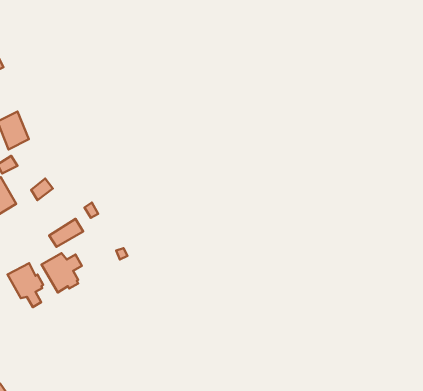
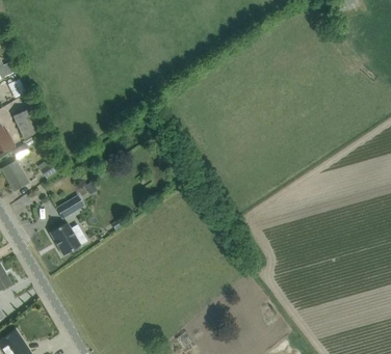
building: [8,263,43,307] -> none

